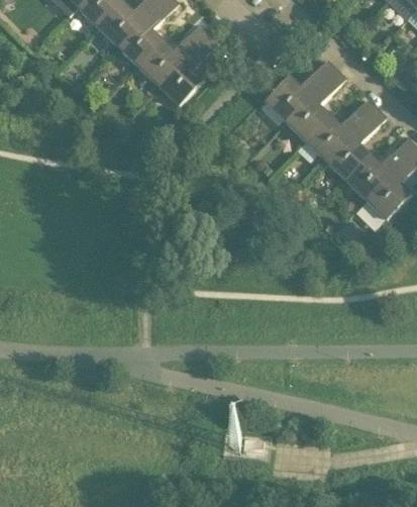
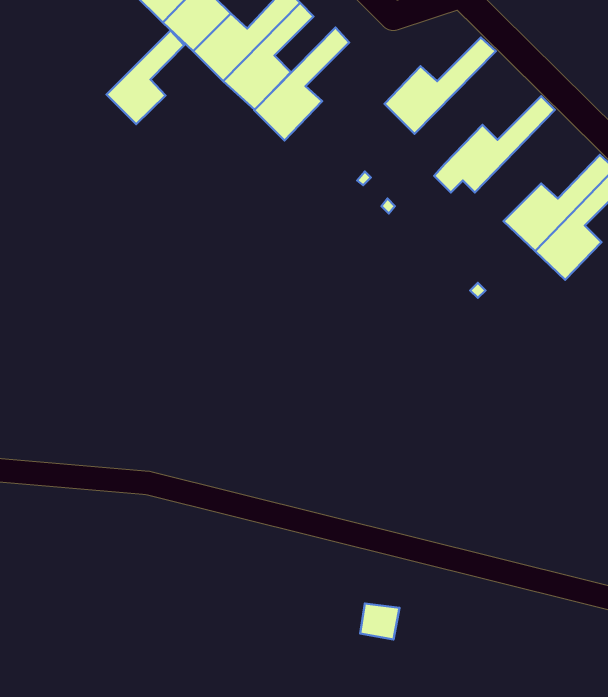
building: none -> [106,30,184,124]
building: [285,66,348,141] -> [254,27,349,140]
building: [325,105,389,180] -> none

